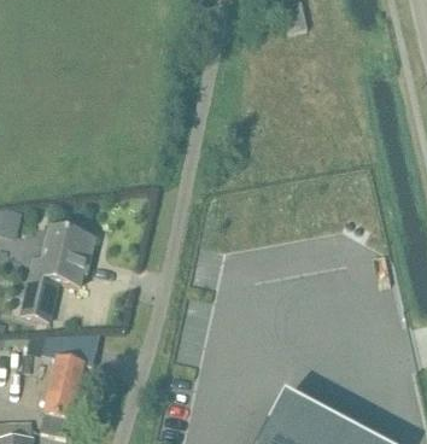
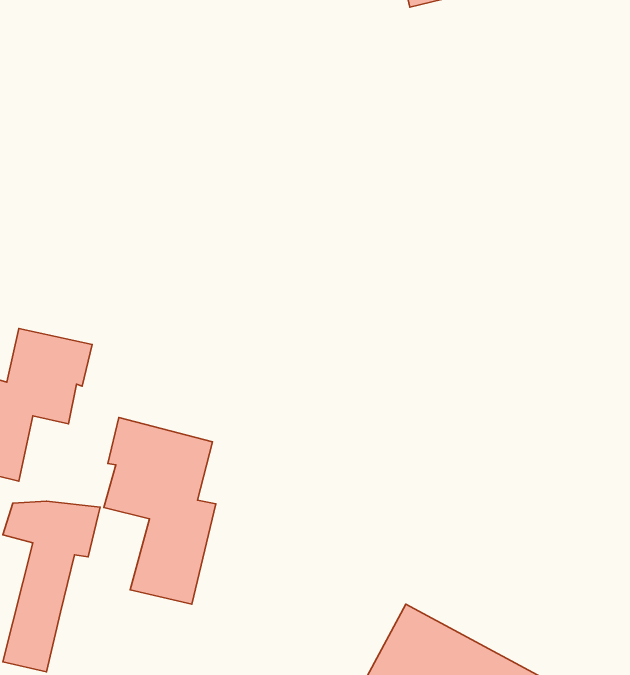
building: none -> [104,418,216,604]

